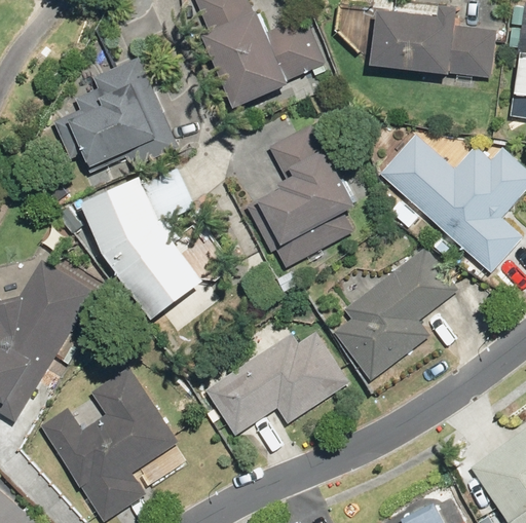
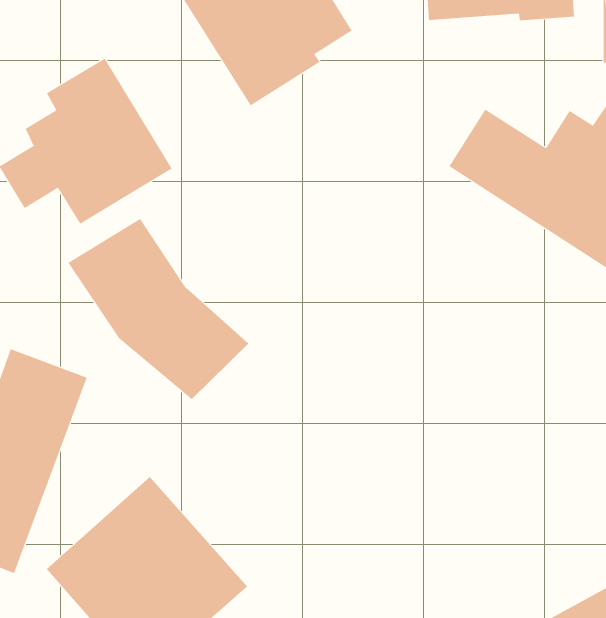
building: [247,121,362,267] -> none
building: [335,249,455,382] -> none
building: [206,331,348,436] -> none

